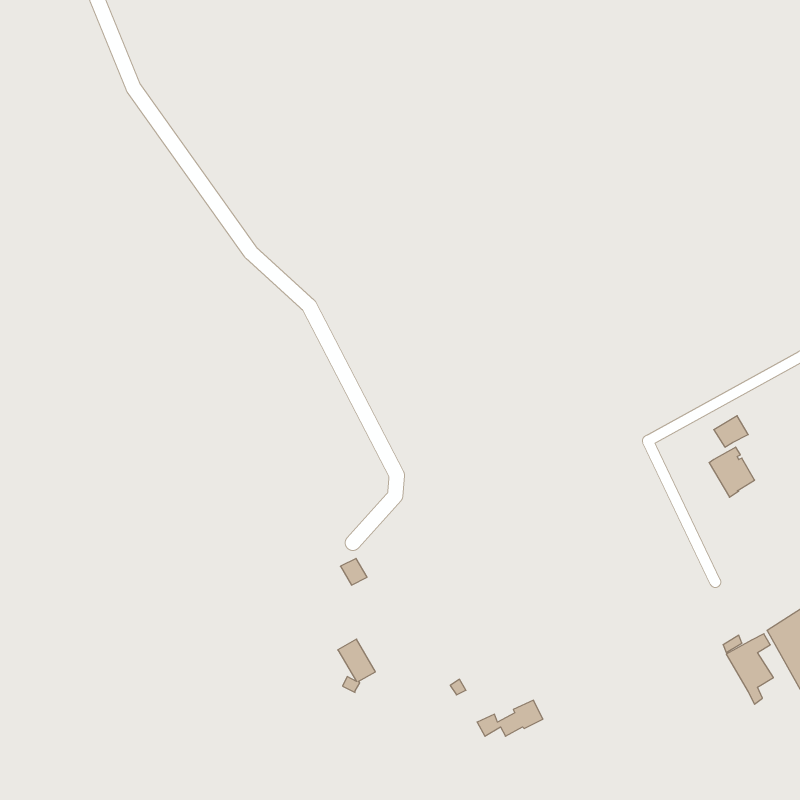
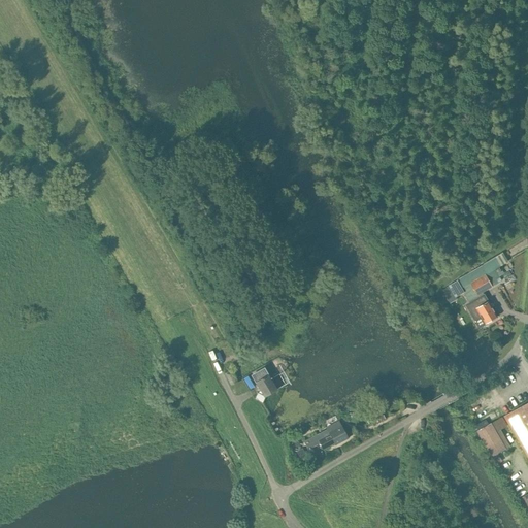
building: [338,639,375,692] -> [253,367,277,402]
building: [477,700,543,736] -> [305,425,349,449]

